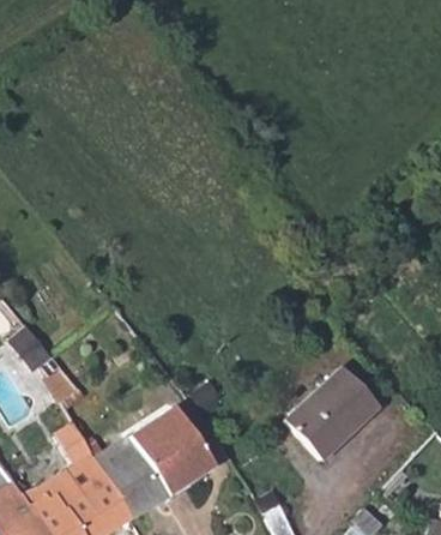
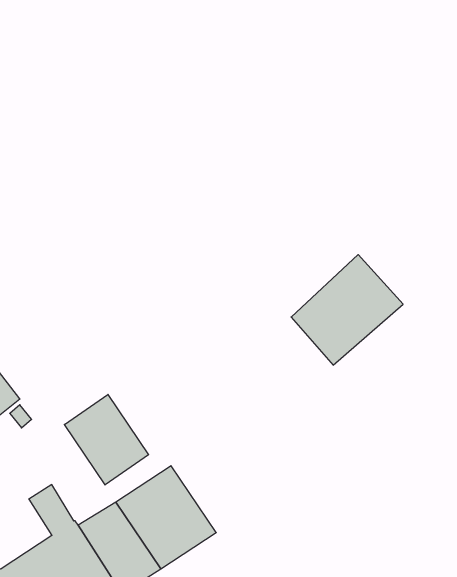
building: none -> [64,394,149,485]
building: [279,359,371,450] -> [291,255,403,365]

